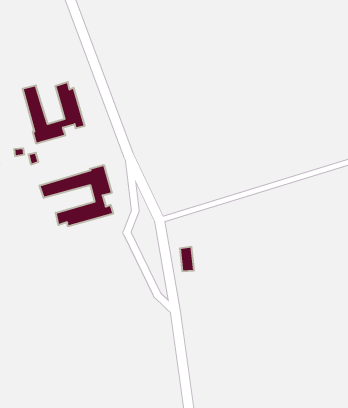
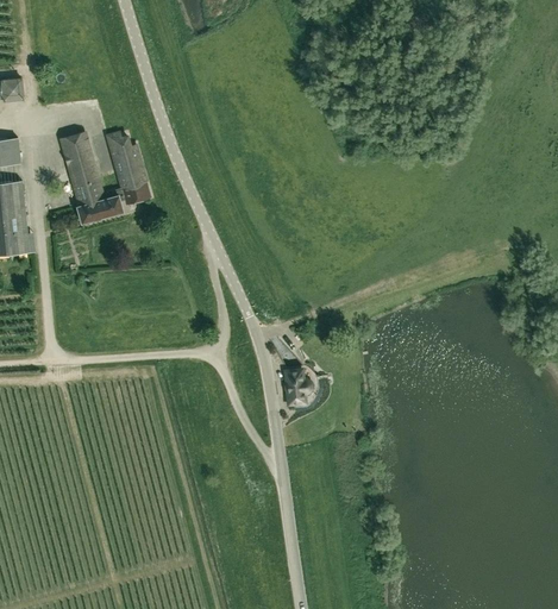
building: [40,165,113,226] -> none

